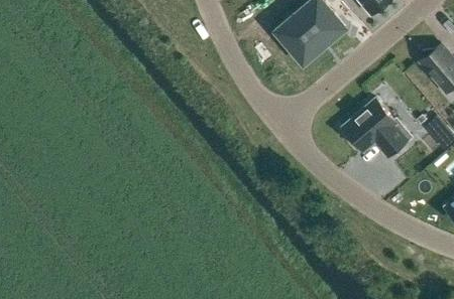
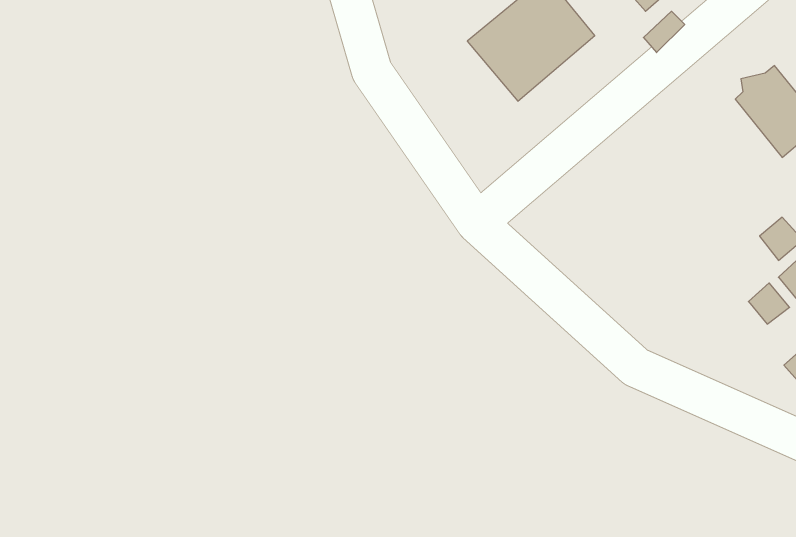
building: [342,100,412,158] -> none

